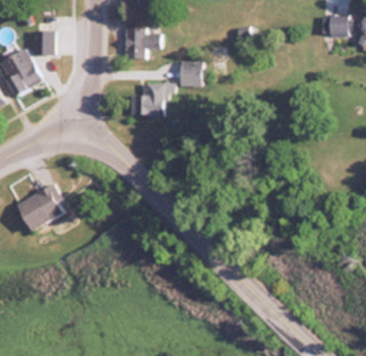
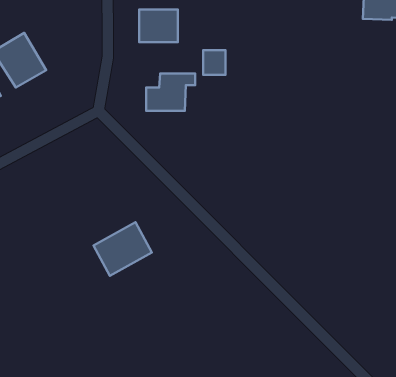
building: [35,31,54,54] -> none
building: [16,184,67,231] -> [94,222,152,276]

